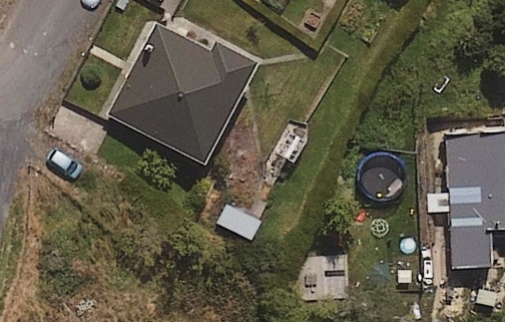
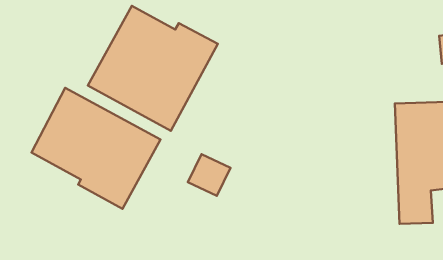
building: none -> [31,88,160,209]

